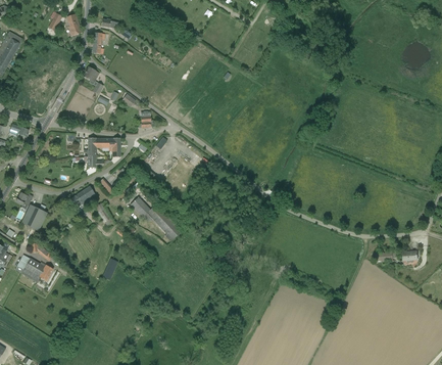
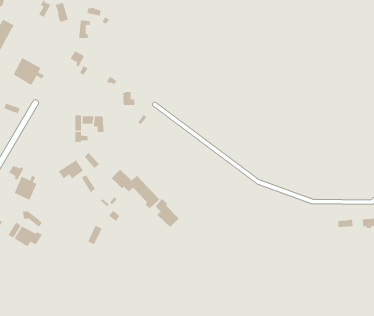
building: none -> [13,57,45,86]
building: none -> [155,198,179,228]

